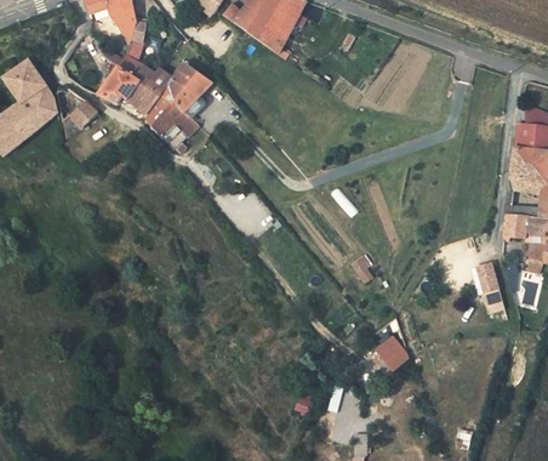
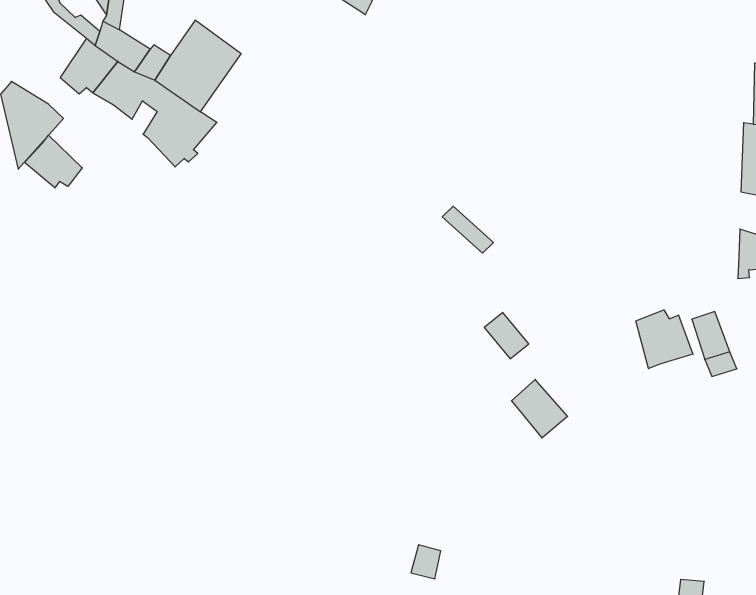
building: none -> [24,135,82,188]
building: none -> [636,310,693,369]
building: [375,334,409,370] -> [511,379,568,438]

